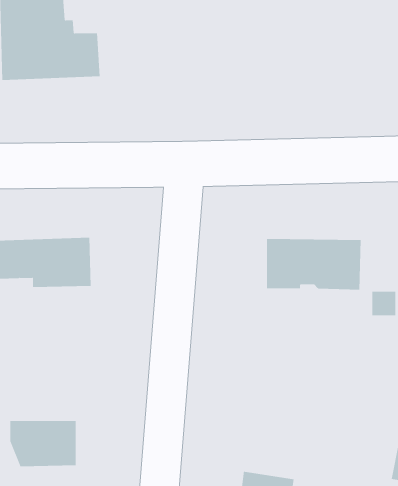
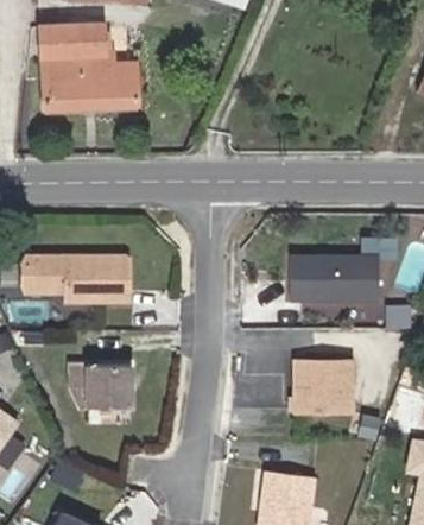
building: none -> [292,359,350,411]
building: [10,421,76,467] -> [67,366,128,409]

